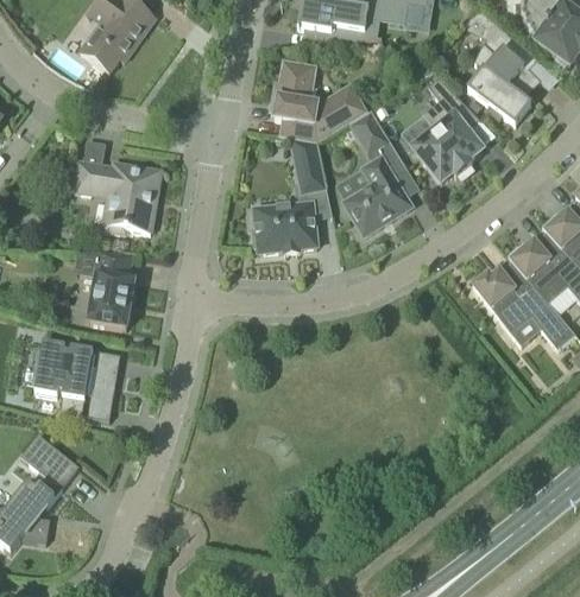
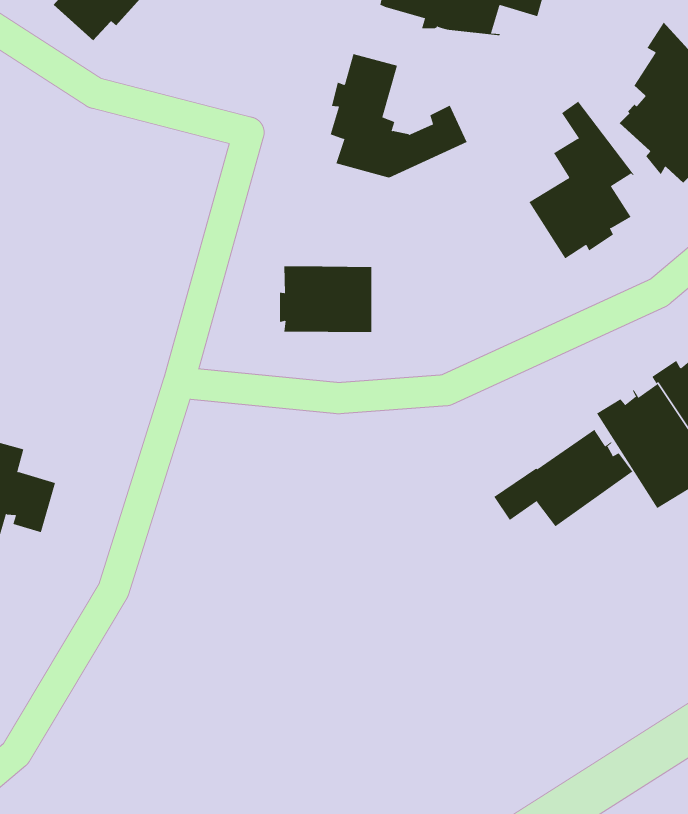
building: [343,109,411,234] -> none
building: [290,138,327,192] -> none
building: [74,160,160,231] -> none
building: [88,250,134,328] -> none
building: none -> [494,429,633,527]

